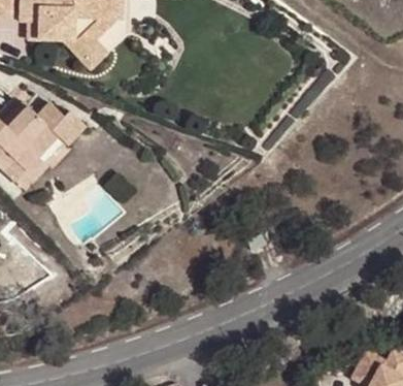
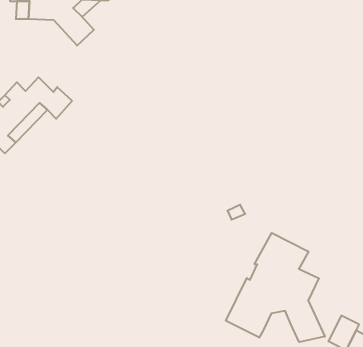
building: none -> [226,233,325,342]

